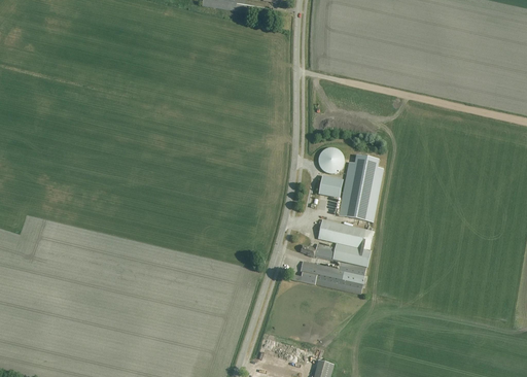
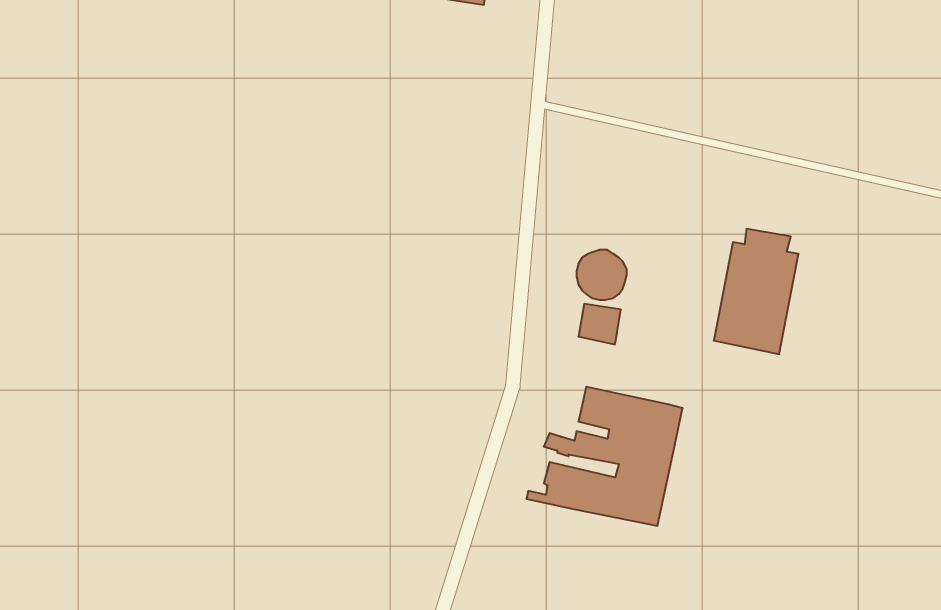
building: [338,155,383,221] -> [714,229,799,354]

